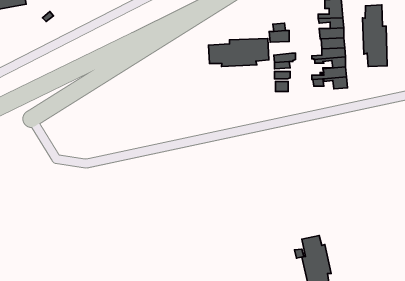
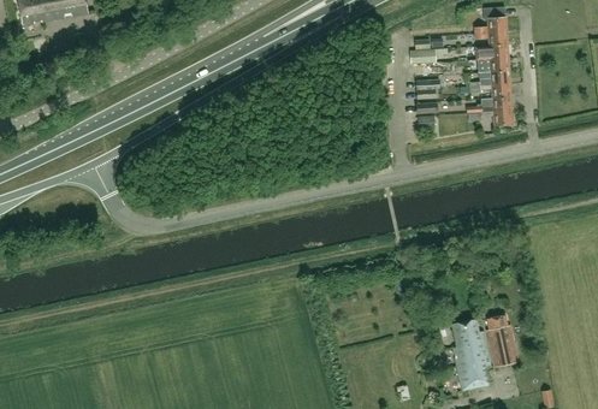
building: [363,5,387,66] -> none
building: [209,38,269,66] -> none
building: none -> [486,315,517,366]

